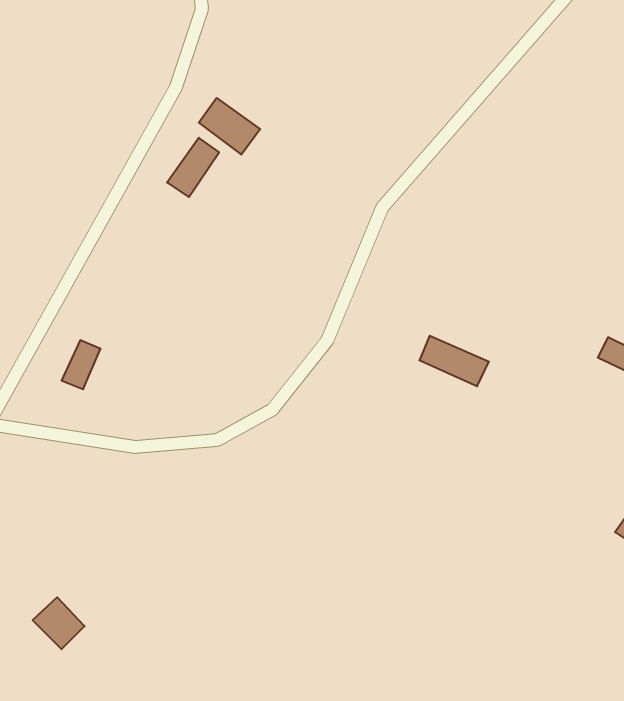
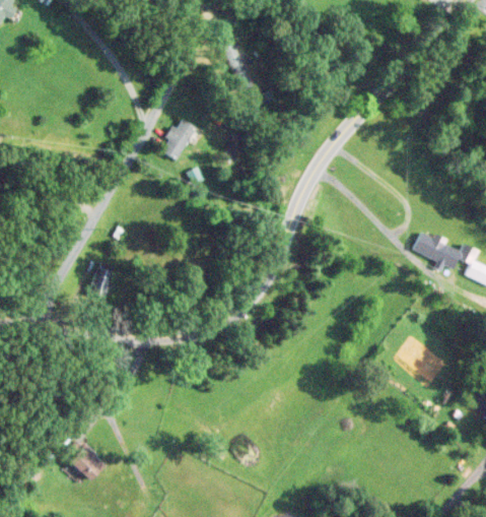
building: [199,98,260,155] -> none
building: [419,336,489,386] -> [412,233,461,268]

